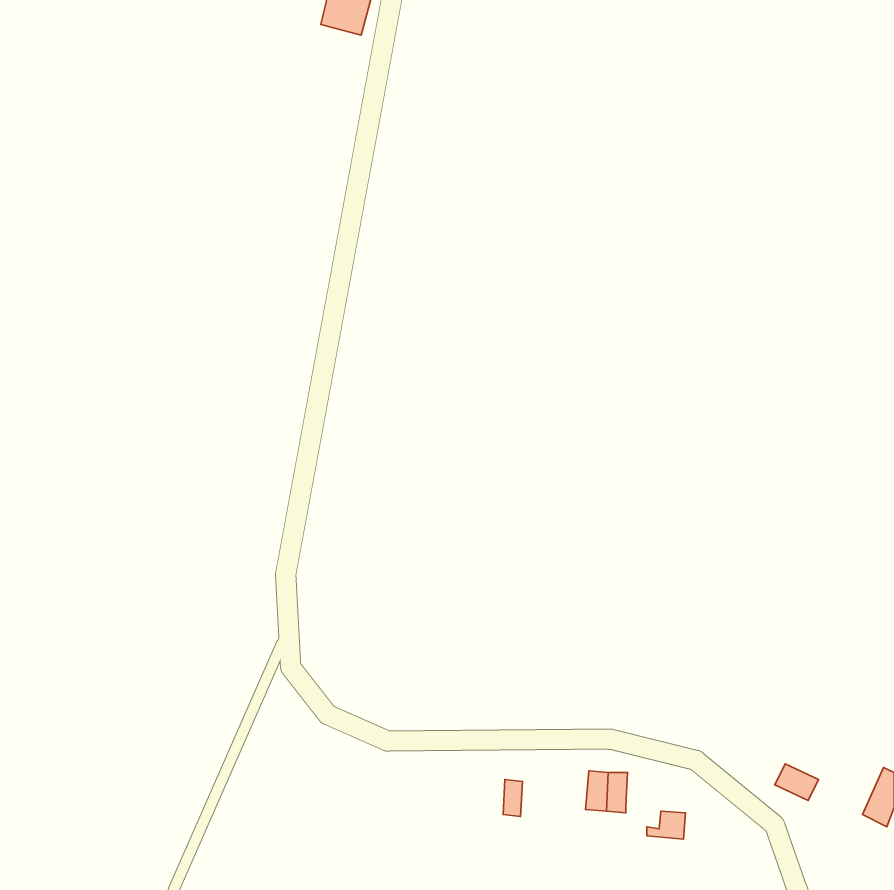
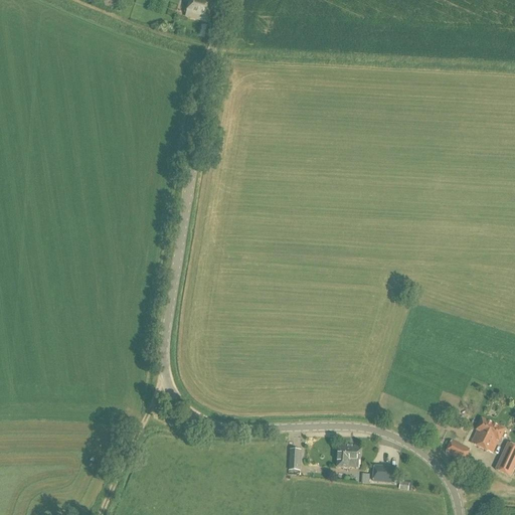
building: none -> [471,416,504,451]

